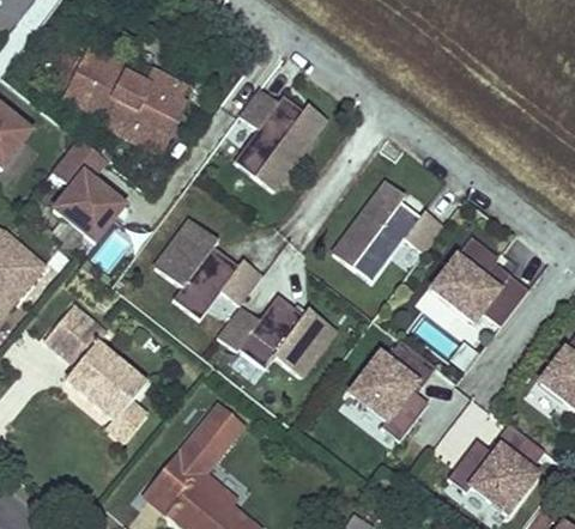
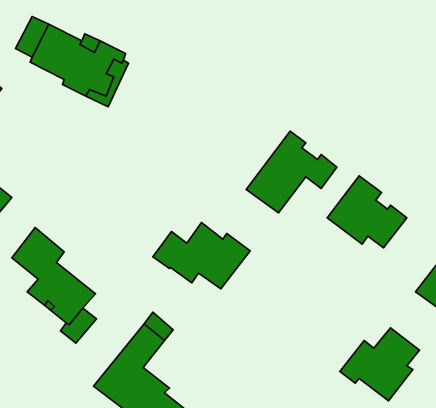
building: [232,89,325,190] -> none
building: [52,136,125,241] -> none
building: [153,220,262,320] -> none
building: [349,340,436,442] -> none

